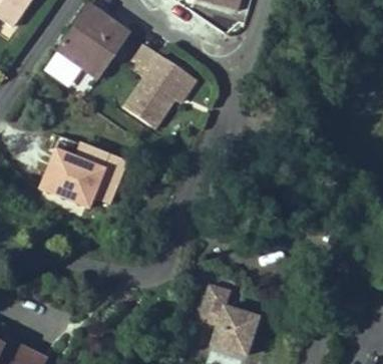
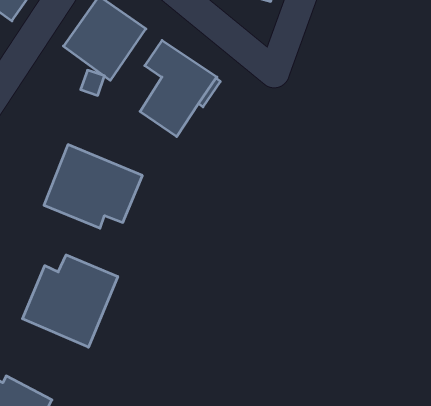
building: none -> [22,255,118,347]
building: [199,285,258,354] -> none

